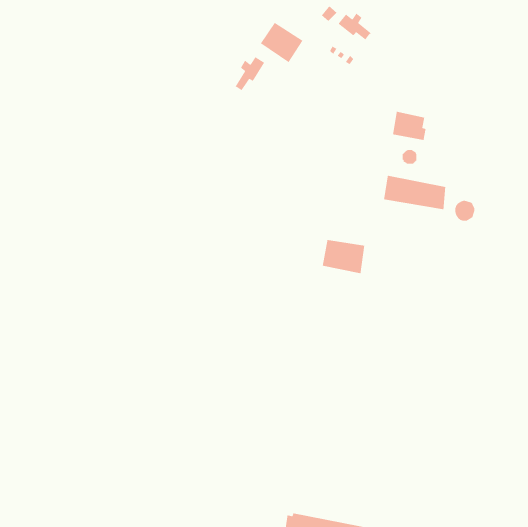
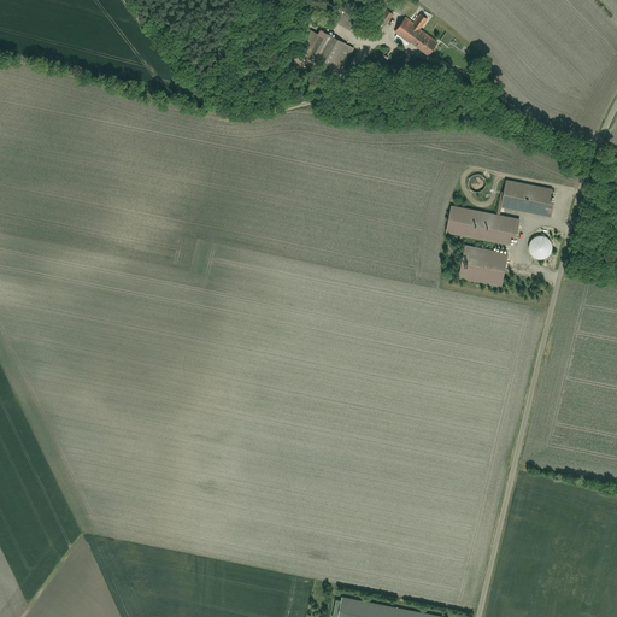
building: [234,56,265,91] -> none
building: [392,111,426,141] -> [512,183,552,218]
building: [322,239,365,274] -> [458,245,509,286]

